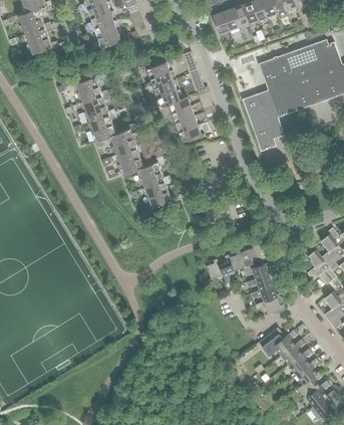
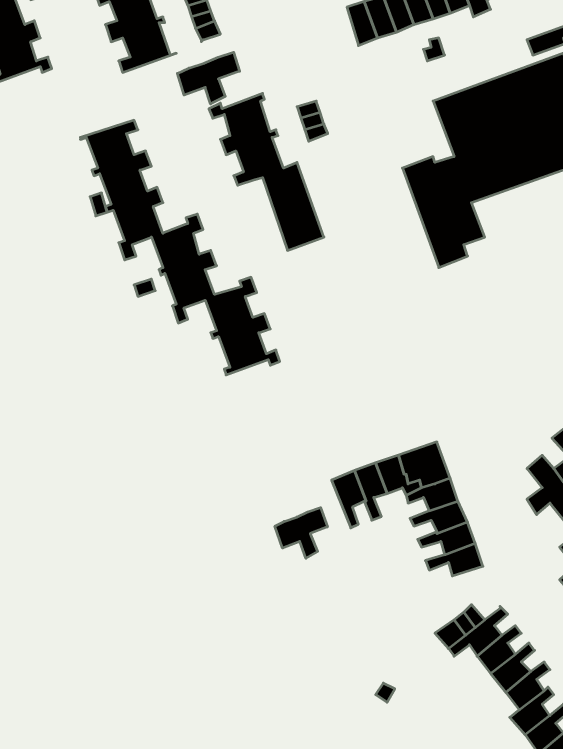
building: none -> [177,52,240,104]
building: none -> [275,508,327,558]

